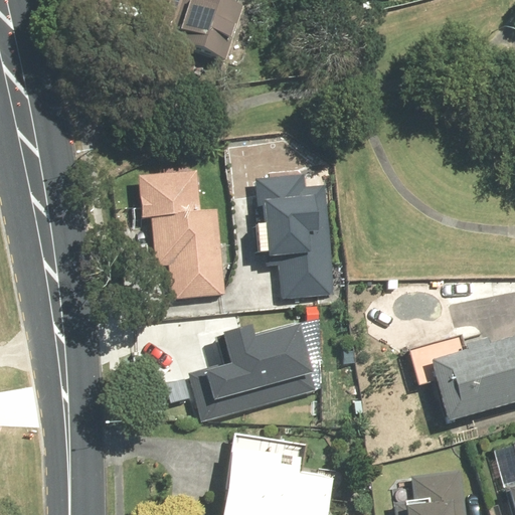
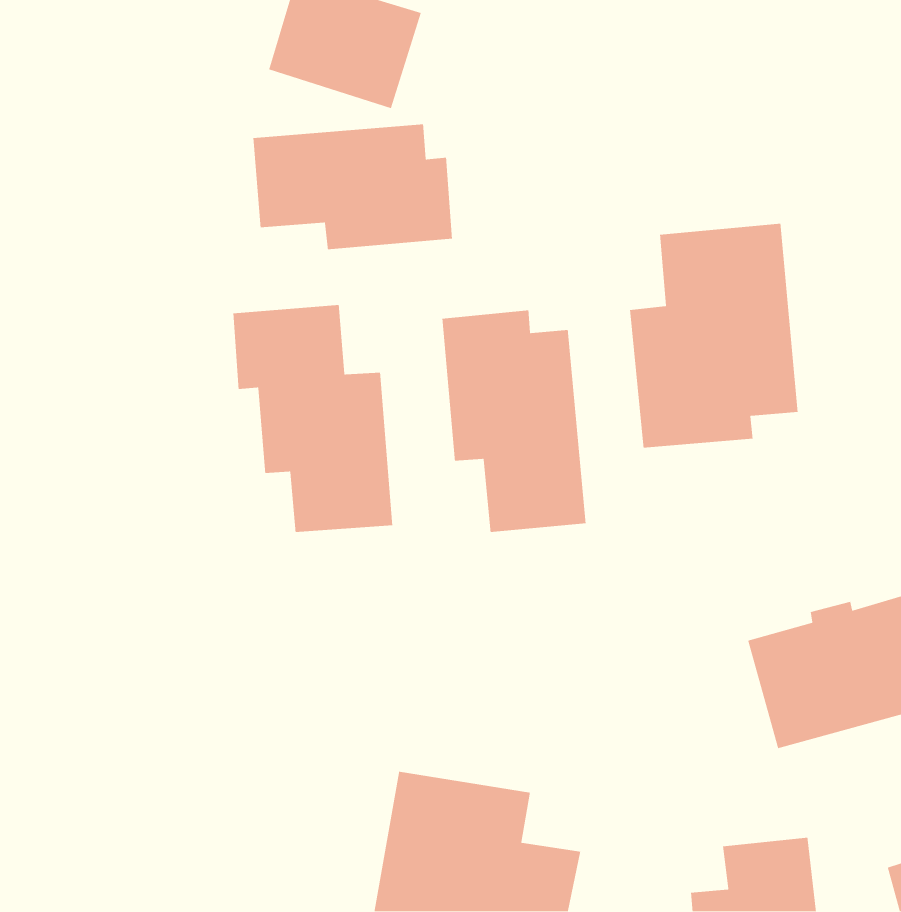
building: none -> [252,124,453,250]
building: none -> [629,223,798,448]
building: [189,323,318,421] -> none

